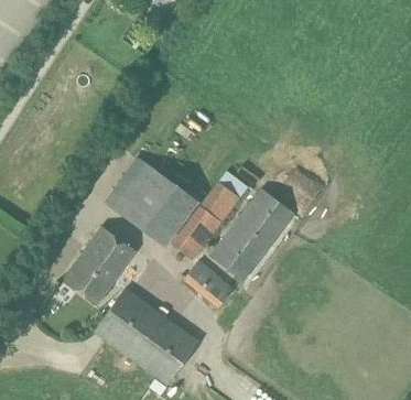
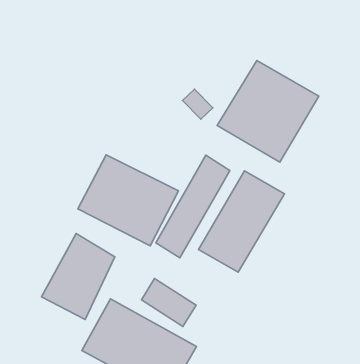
building: none -> [217,61,319,162]
building: [185,259,234,305] -> [141,279,196,326]

